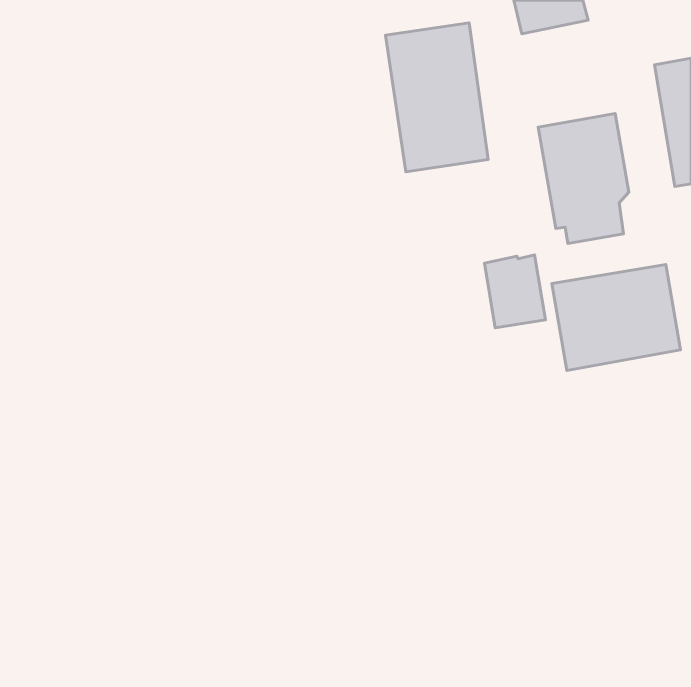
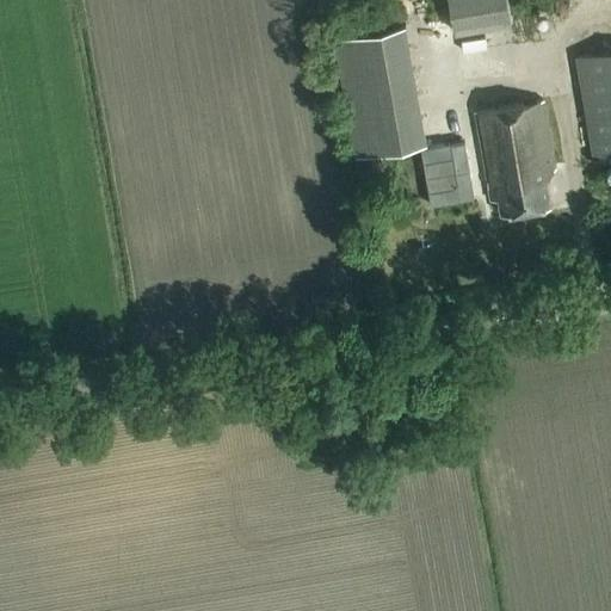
building: [484,255,545,328] -> [421,146,475,210]
building: [552,264,680,370] -> none

